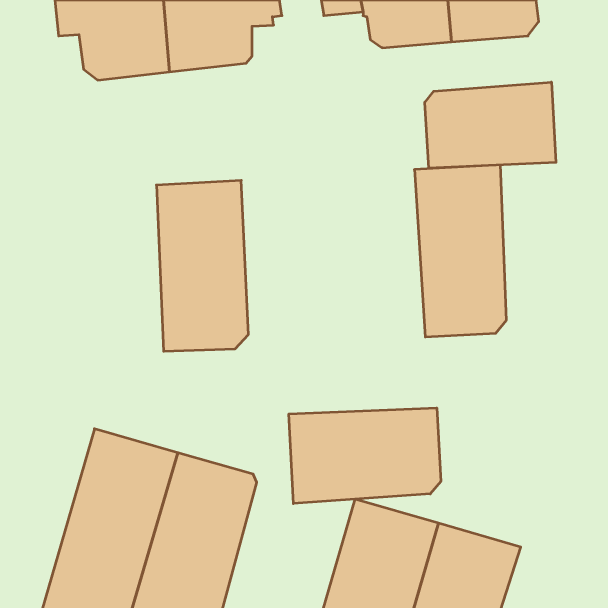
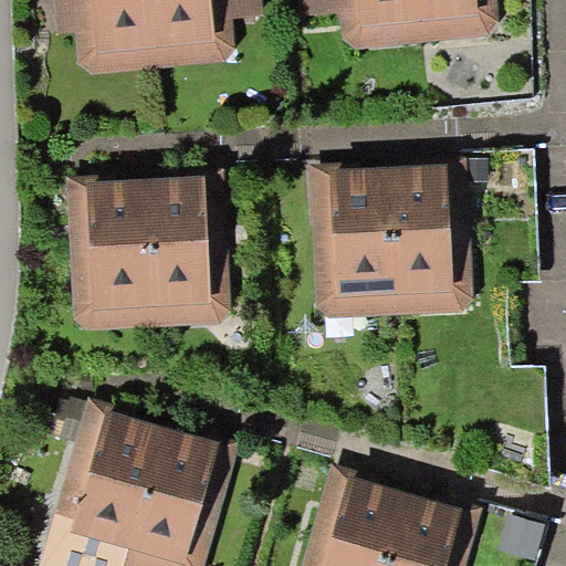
building: [425,82,556,168] -> none
building: none -> [306,159,394,317]
building: none -> [66,174,151,331]
building: [289,408,441,504] -> none

